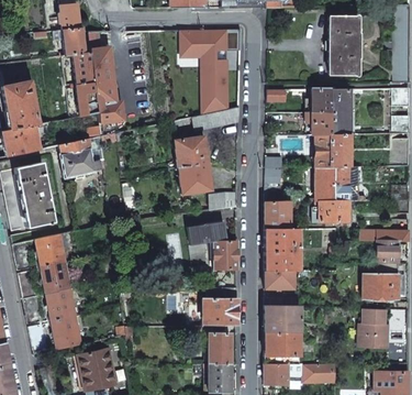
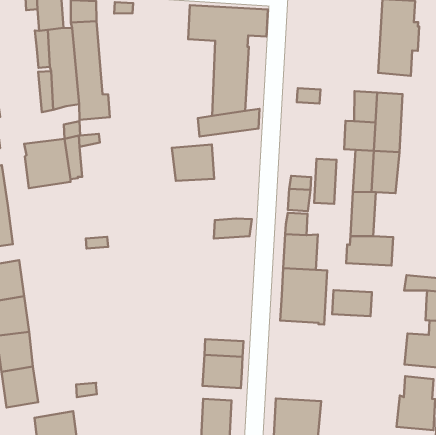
building: [178,163,212,194] -> none
building: [333,166,348,200] -> [314,159,336,204]
building: [188,221,237,270] -> none
building: [265,270,294,288] -> [332,290,372,316]
building: [265,305,300,330] -> none

